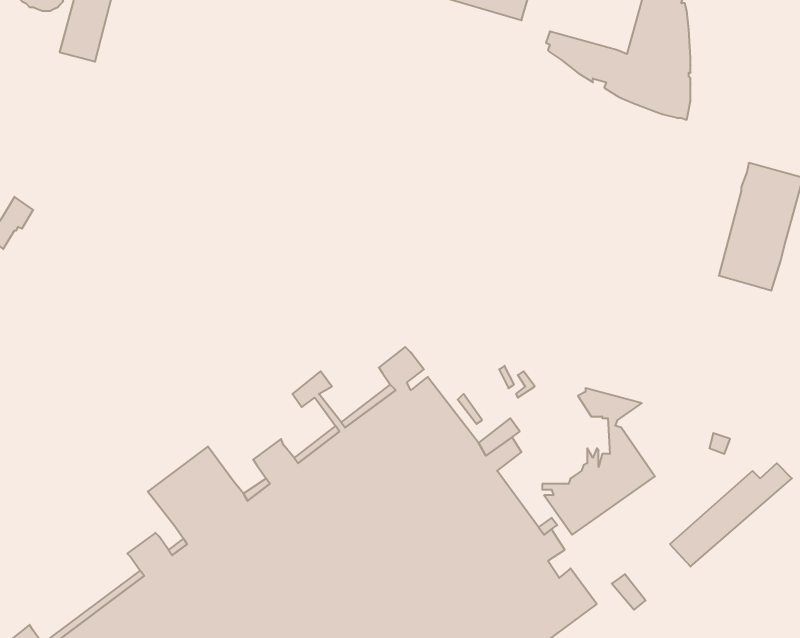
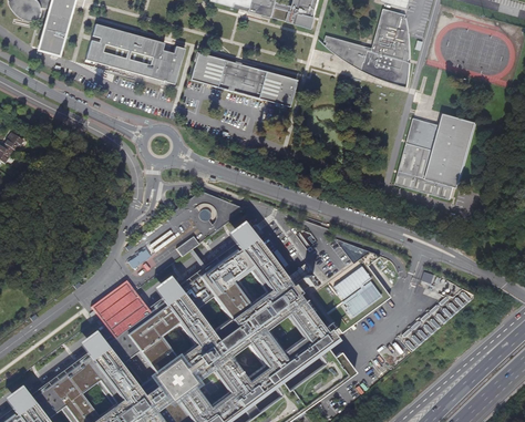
building: none -> [84,23,184,84]
building: none -> [189,52,296,106]
building: none -> [395,117,454,198]

